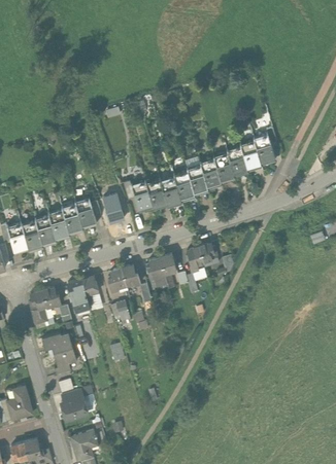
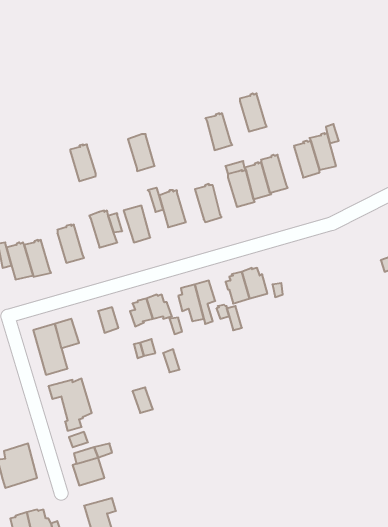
building: [227,147,248,178] -> [240,93,267,132]
building: [173,172,195,202] -> [205,113,232,150]
building: [145,180,167,210] -> [128,134,155,171]
building: [62,205,82,235] -> [70,144,96,181]
building: [35,217,56,247] -> none
building: [67,280,90,314] -> none

